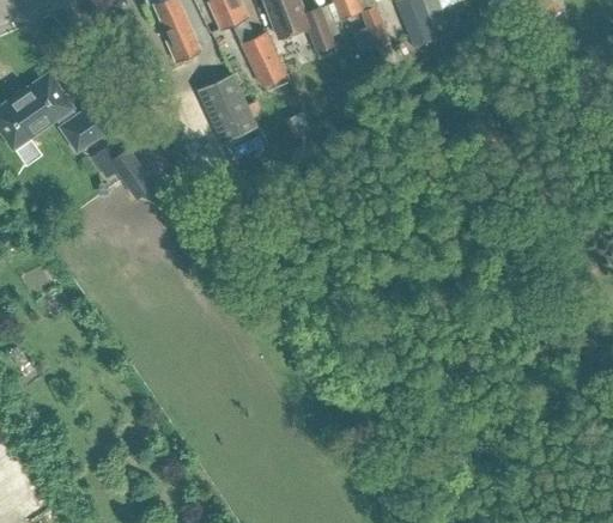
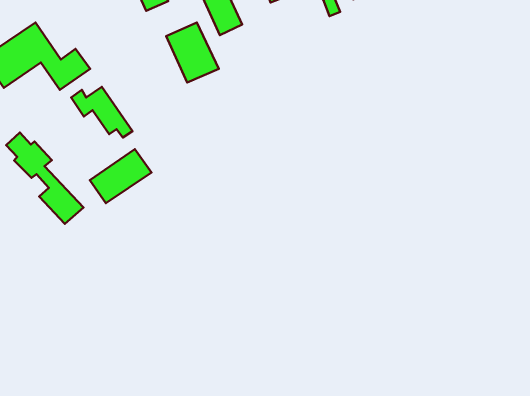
building: none -> [6,132,83,224]
building: none -> [90,149,152,203]

